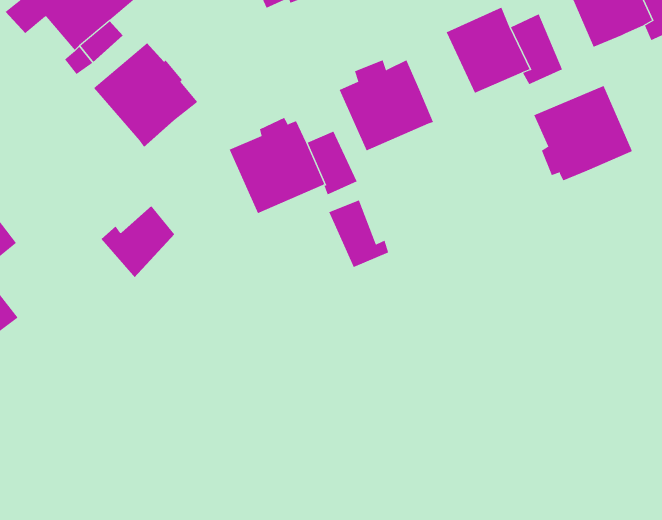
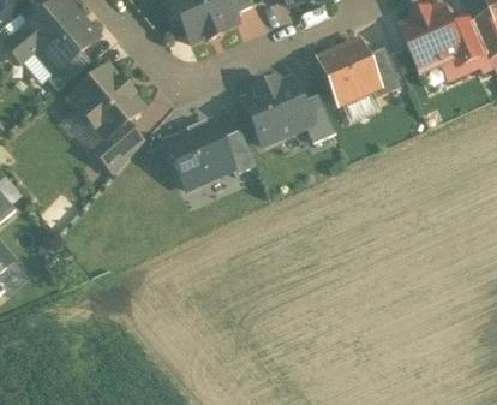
building: none -> [300,93,335,142]
building: [533,85,633,181] -> none
building: [329,200,389,268] -> none
building: [100,205,175,278] -> [90,121,143,173]

